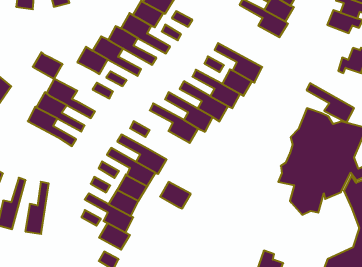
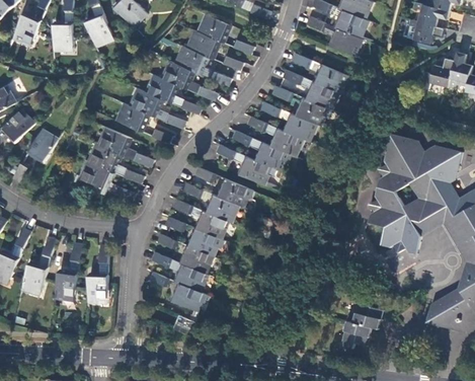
building: [33,52,63,79] -> [114,102,148,131]
building: [307,83,354,123] -> [291,52,346,92]
building: [160,182,191,208] -> [217,178,251,207]

